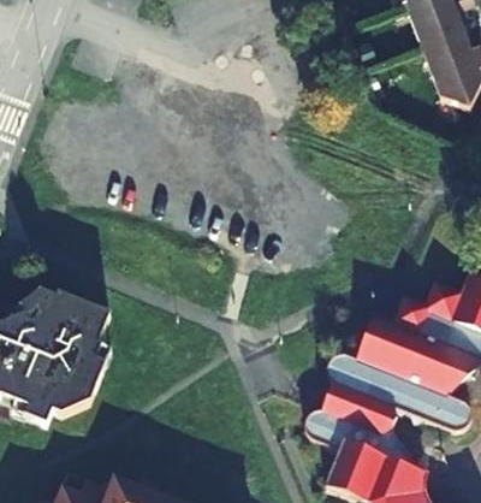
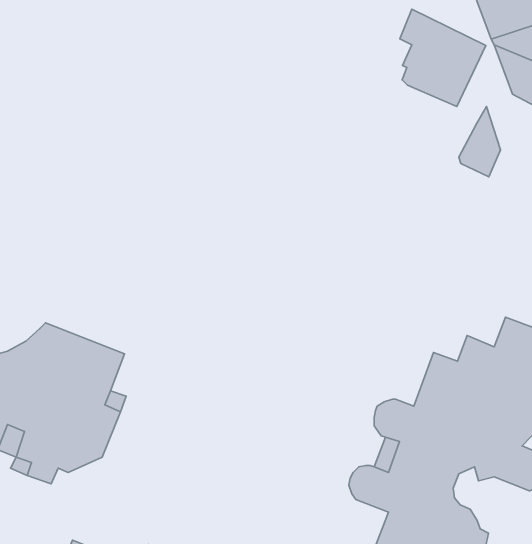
building: none -> [400,9,486,106]
building: none -> [459,106,500,177]

